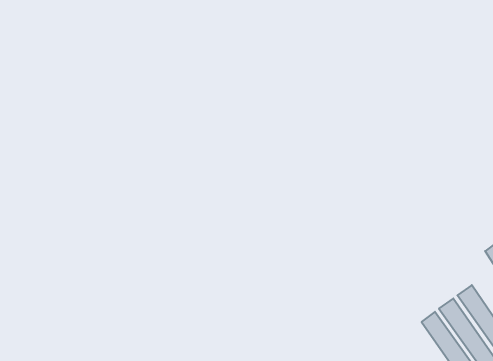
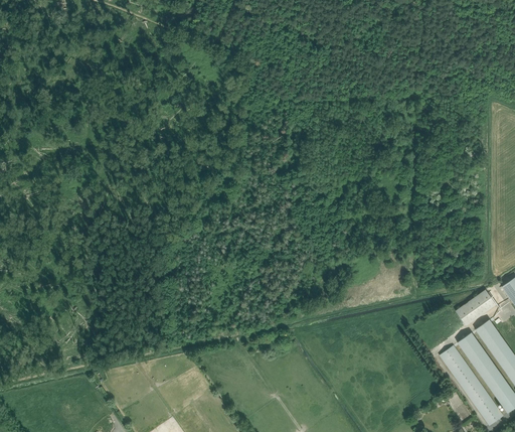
building: none -> [455,290,496,326]

